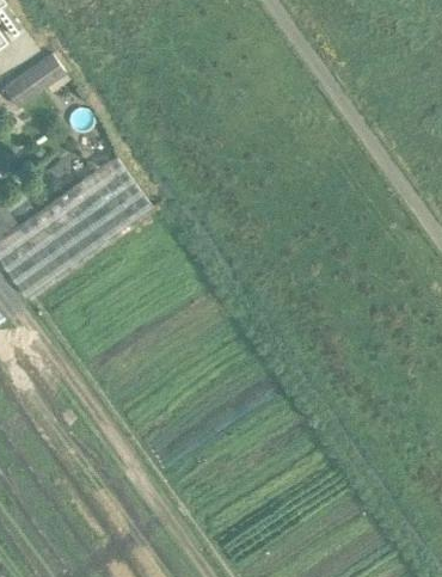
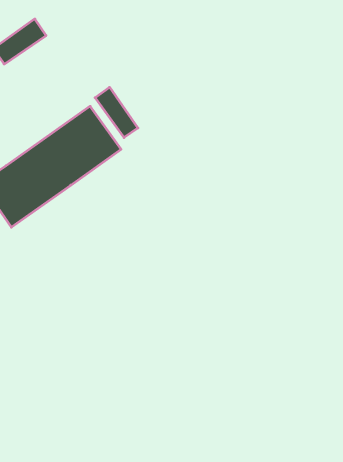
building: none -> [95,87,138,138]

